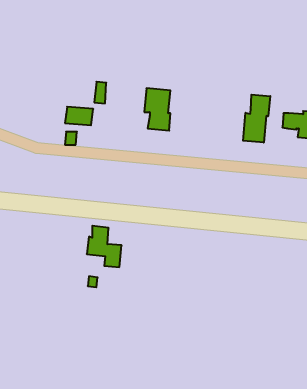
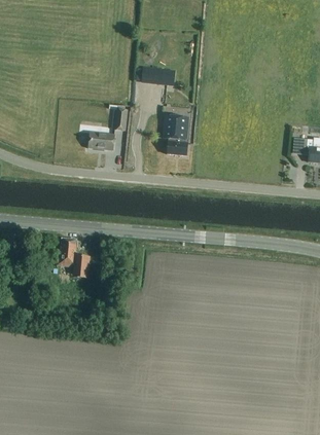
building: [243,95,270,143] -> none
building: [87,226,122,267] -> [58,238,91,277]

